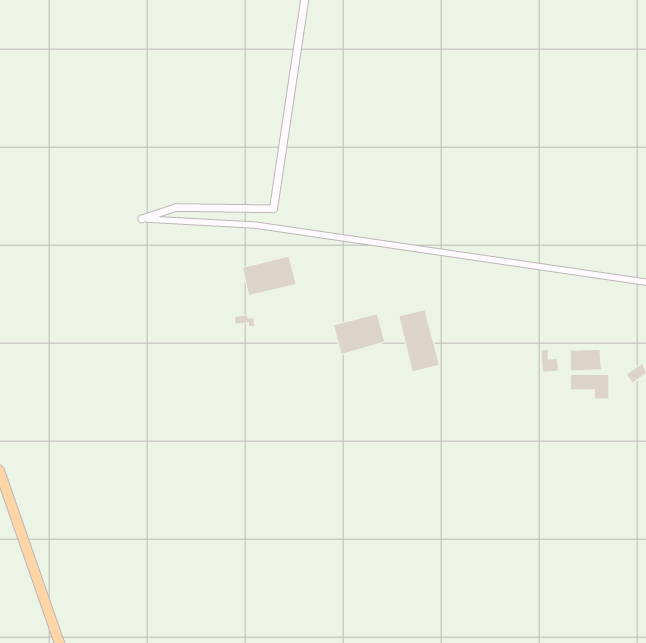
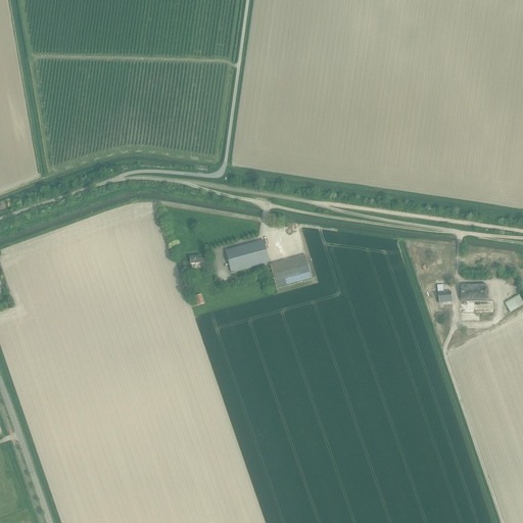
building: [242,256,297,296] -> [225,238,269,270]
building: [399,310,440,372] -> none

